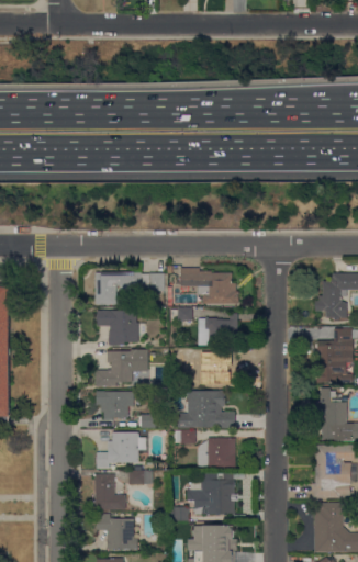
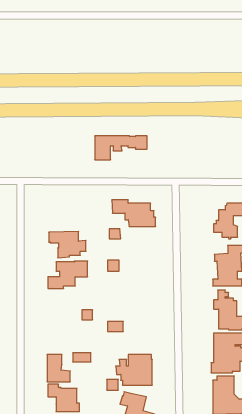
building: [96,272,165,304] -> [95,136,147,160]
building: [198,313,238,345] -> none
building: [202,352,235,385] -> none
building: [177,390,235,427] -> none
building: [96,391,134,419] -> none
building: [96,431,146,468] -> none
building: [198,437,235,467] -> none

